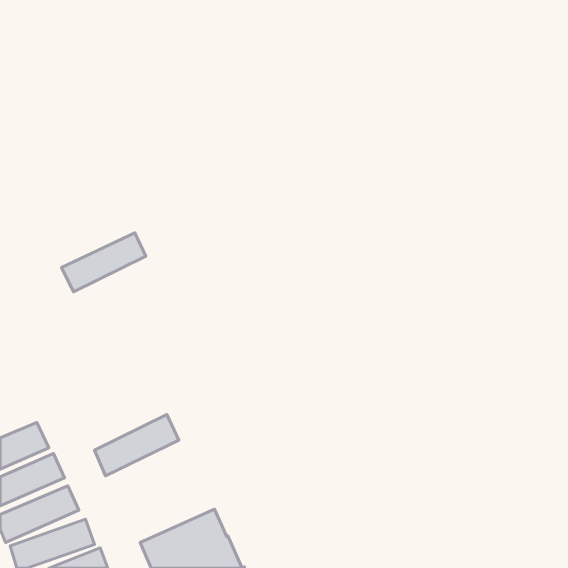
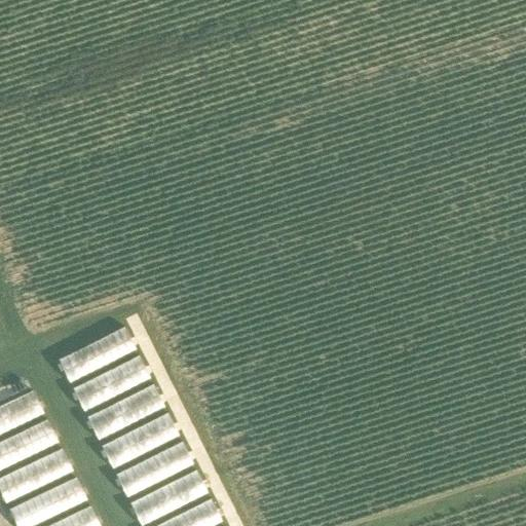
building: [61,233,146,292] -> [58,327,136,381]
building: none -> [73,356,151,410]
building: none -> [101,413,180,468]
building: none -> [115,440,194,498]

